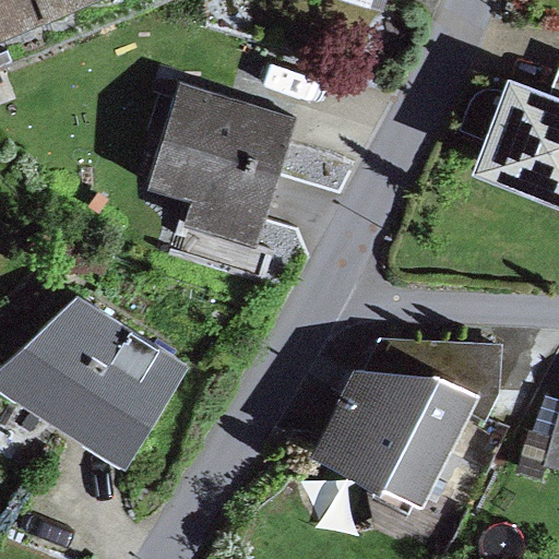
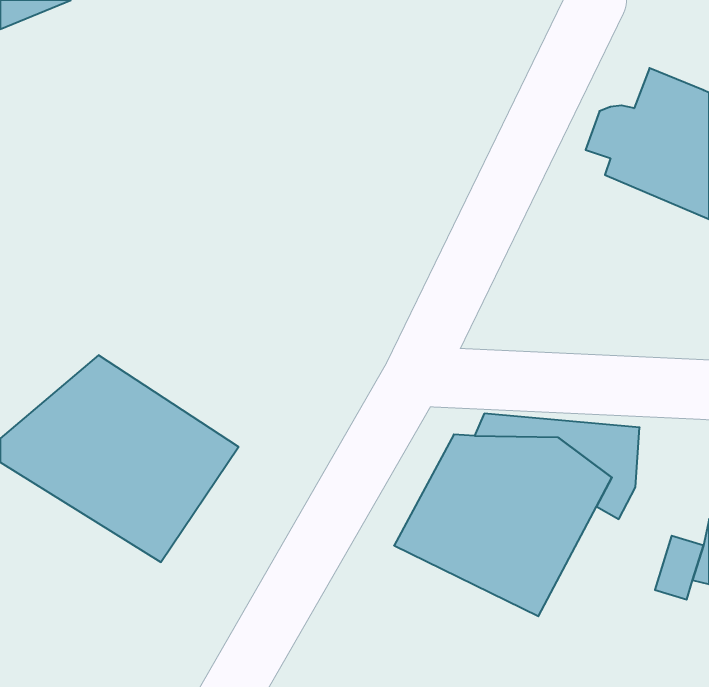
building: [144,81,302,297] -> none

